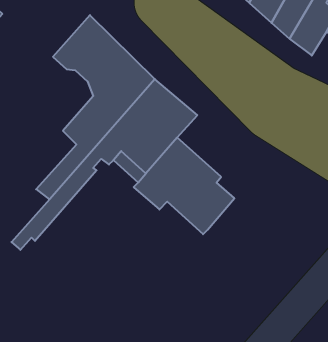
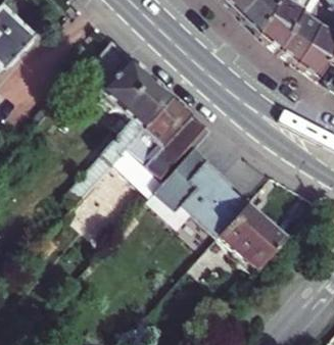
building: none -> [220,203,285,268]

